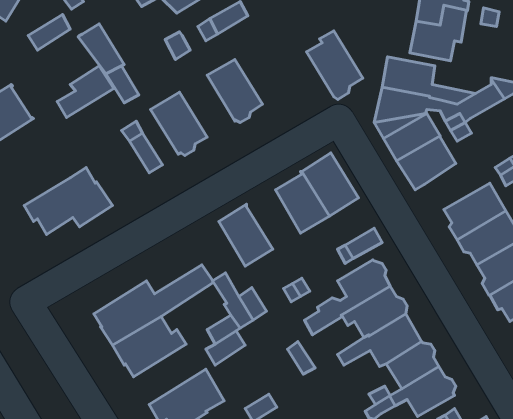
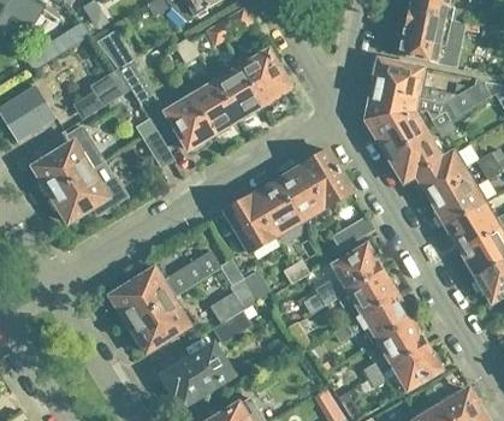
building: [306,31,363,99] -> [239,43,291,106]
building: none -> [189,77,239,136]
building: none -> [32,124,105,196]
building: none -> [413,149,473,200]
building: none -> [250,182,300,236]

